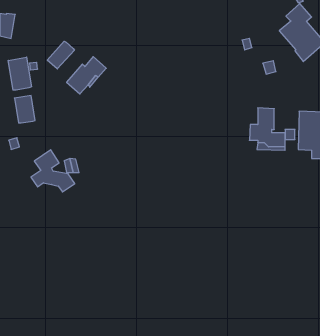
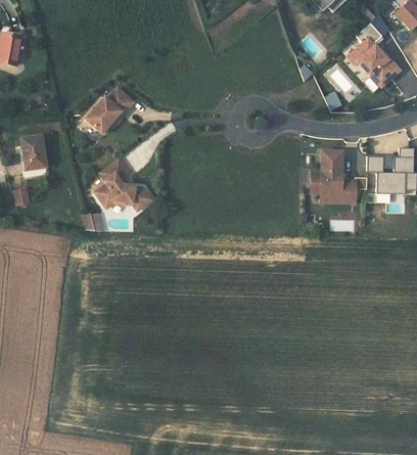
building: [47,41,74,69] -> none
building: [8,57,31,90] -> none
building: [31,150,75,192] -> [93,157,147,210]

